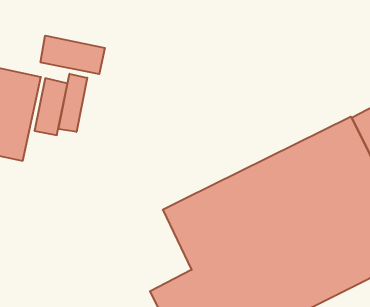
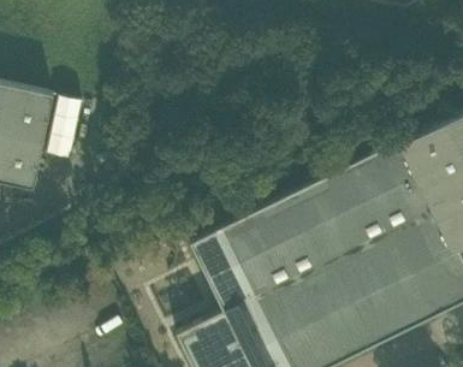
building: [41,36,105,74] -> none
building: [58,74,87,132] -> none

